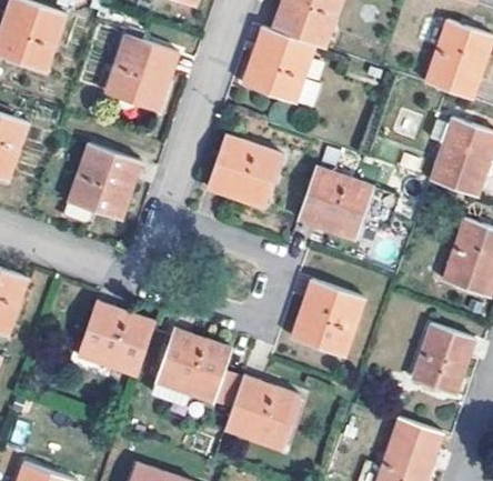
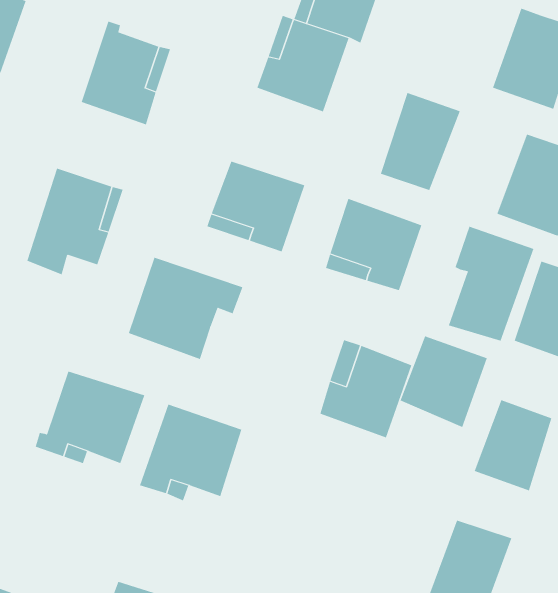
building: none -> [380,92,460,191]
building: none -> [448,226,534,342]
building: none -> [128,257,243,360]
building: none -> [400,335,488,428]
building: [225,375,302,449] -> none

